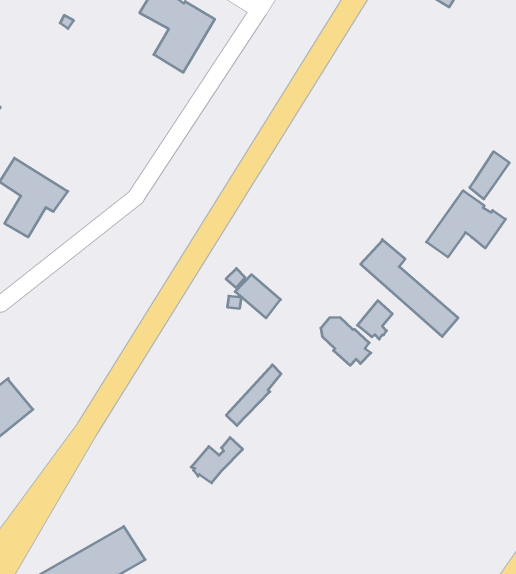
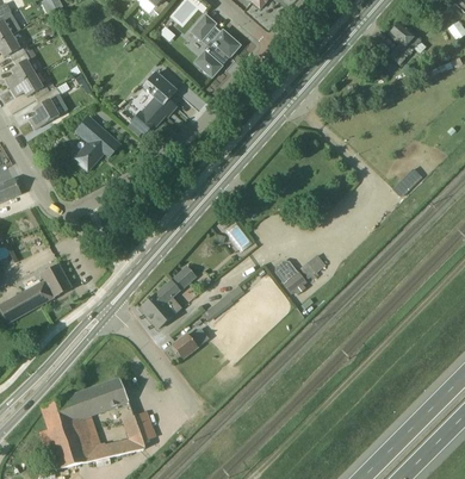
building: none -> [138,73,175,125]
building: [426,191,506,257] -> none
building: [361,239,458,337] -> none
building: none -> [140,272,188,328]

